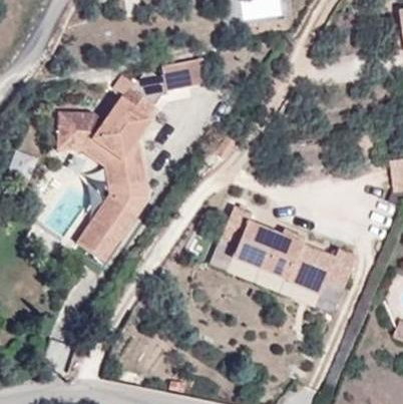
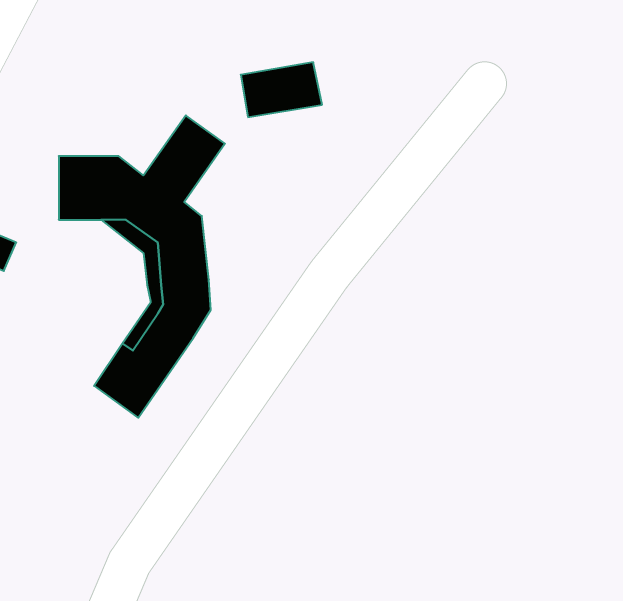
building: [220,207,355,292] -> none

